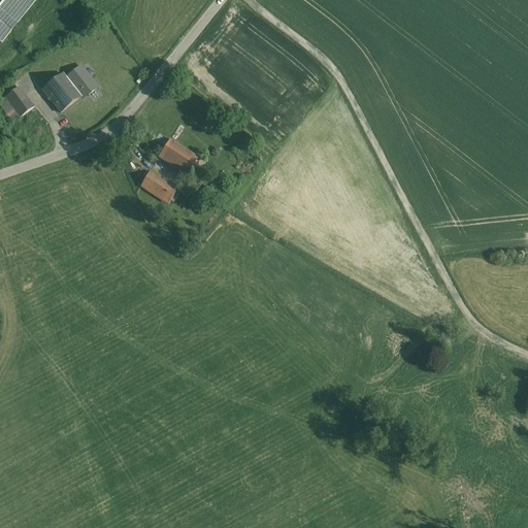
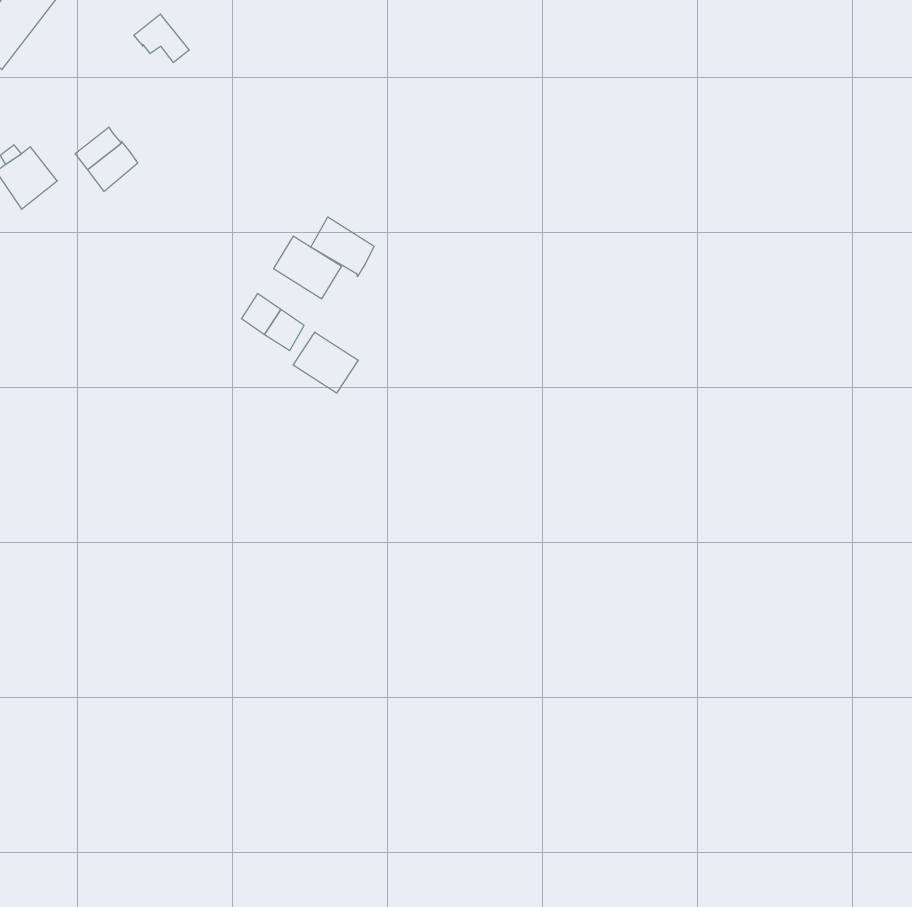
building: [65,64,97,92] -> [134,14,189,62]
building: none -> [311,217,374,277]
building: none -> [293,332,358,393]

